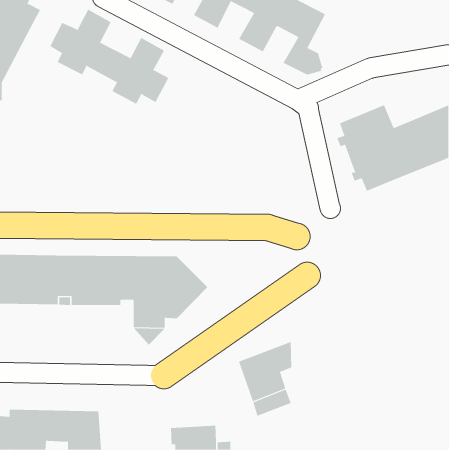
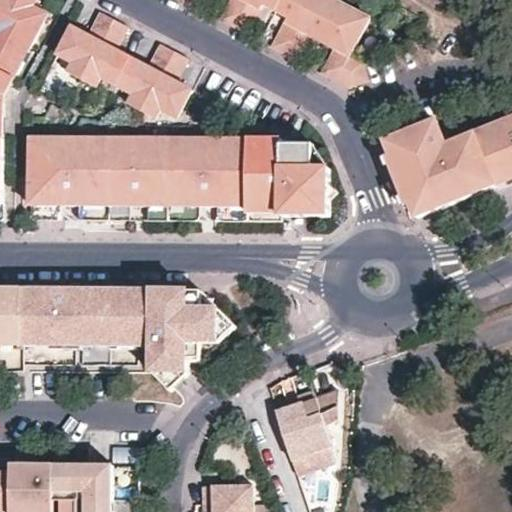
building: none -> [29,136,328,215]

